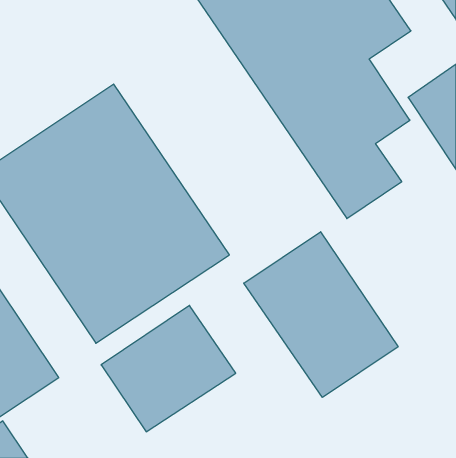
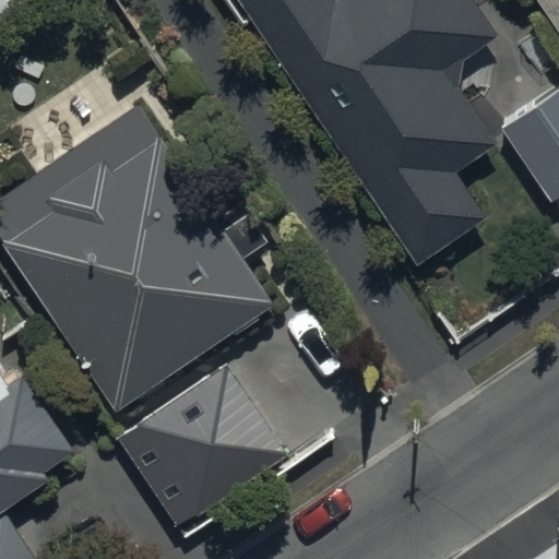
building: [244,232,398,397] -> none

